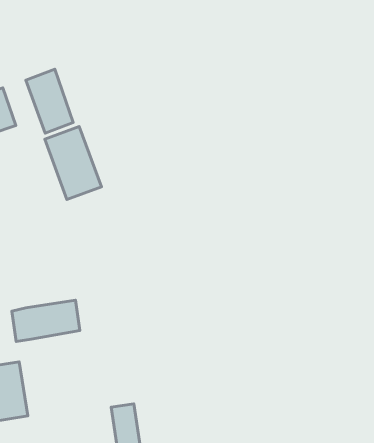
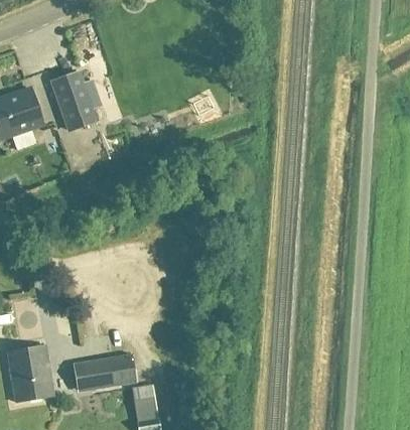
building: [45,126,101,200] -> none
building: [12,300,80,341] -> [74,352,137,391]

